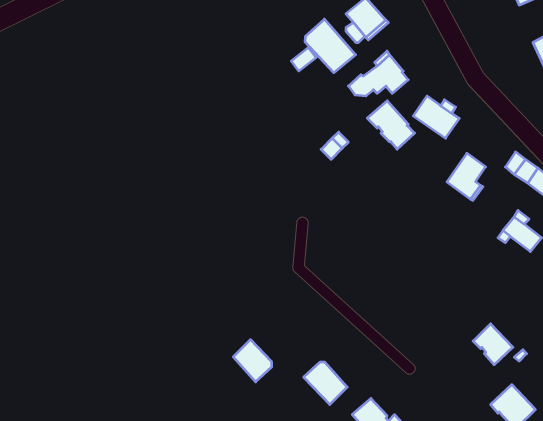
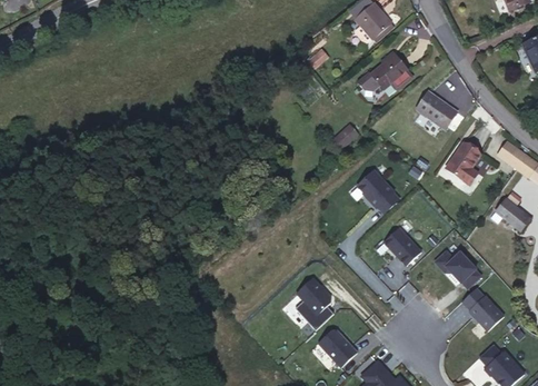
building: [305,19,356,73] -> none
building: [367,101,415,149] -> [357,170,399,214]
building: none -> [383,227,421,266]
building: none -> [435,250,481,288]
building: [233,340,272,382] -> [297,277,331,315]

